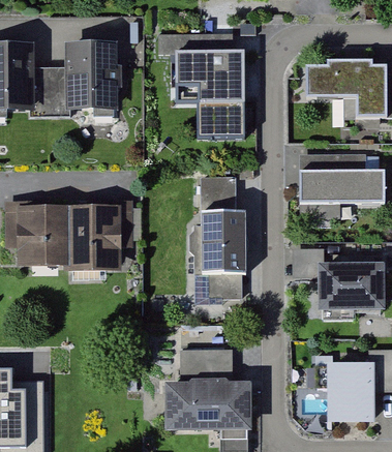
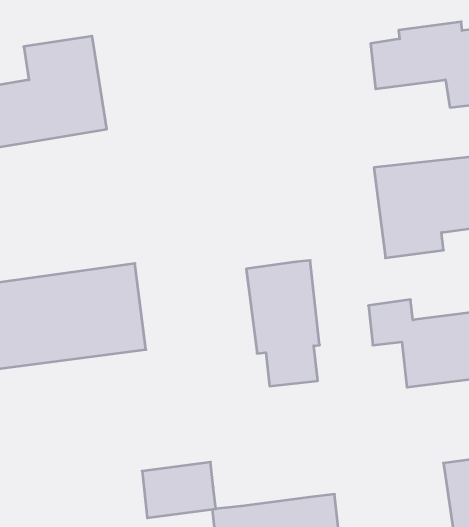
building: [177,49,243,135] -> none
building: [204,177,239,215] -> none
building: [182,346,231,381] -> [142,462,216,518]

